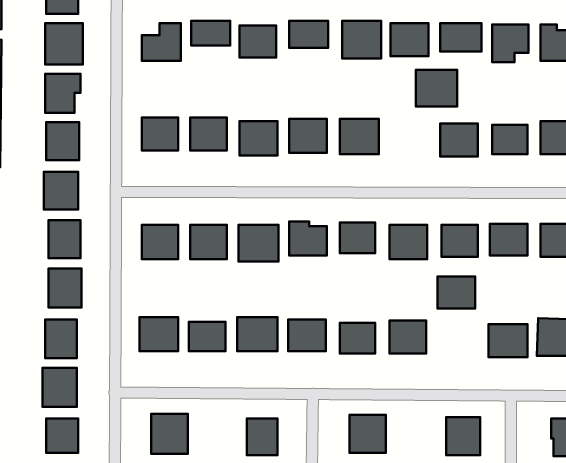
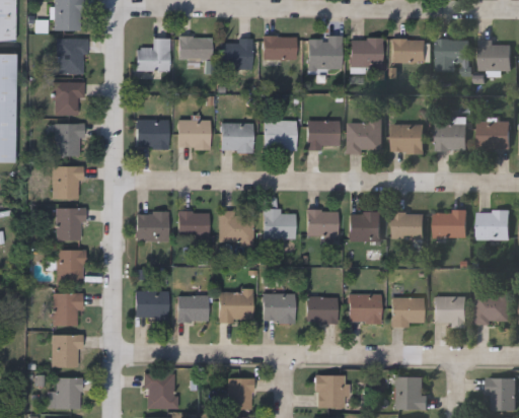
building: [416,70,457,106] -> [348,122,383,153]
building: [437,277,475,308] -> [391,297,424,325]

